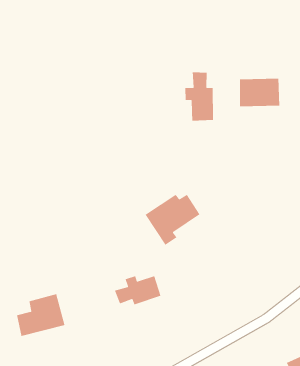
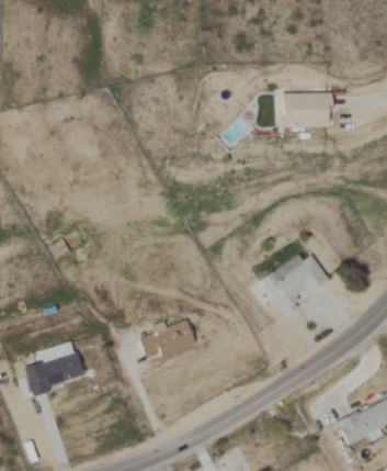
building: [185,71,214,121] -> none
building: [144,194,200,246] -> [263,255,328,315]

